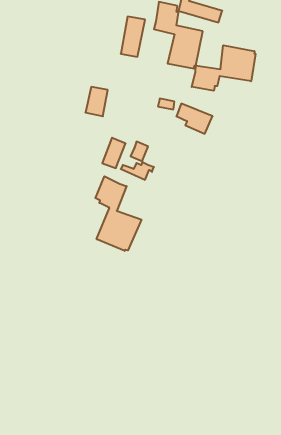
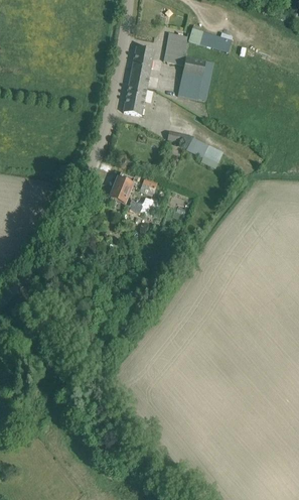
building: [192,45,256,91] -> none
building: [85,87,108,116] -> [123,86,146,116]
building: [95,176,141,251] -> none

